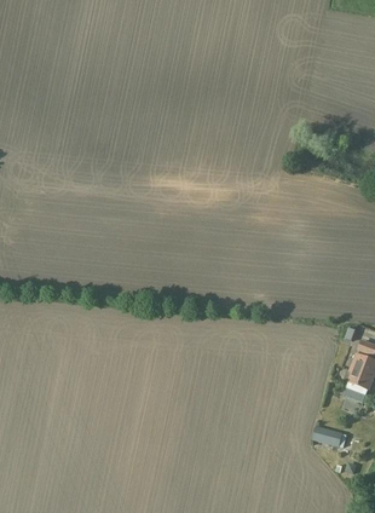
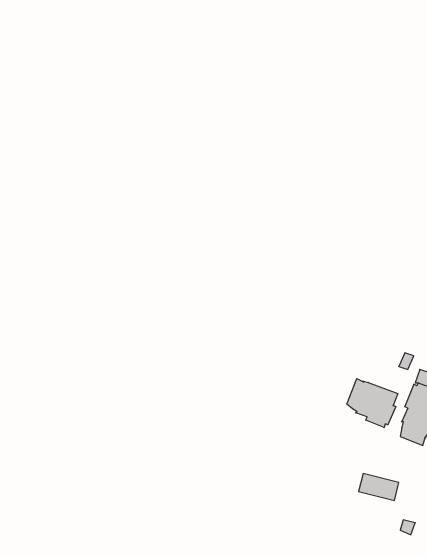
building: none -> [347,379,398,428]

